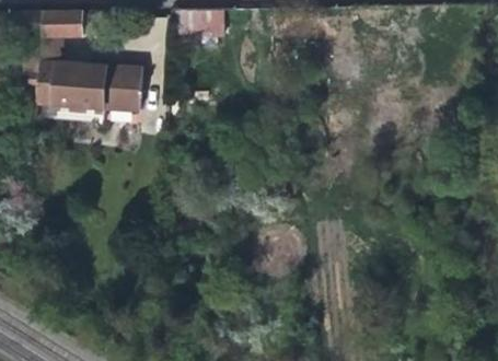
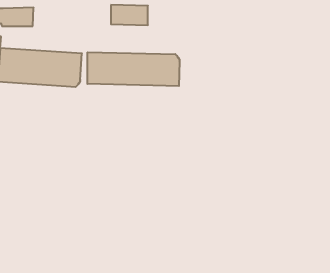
building: none -> [87,52,180,86]

